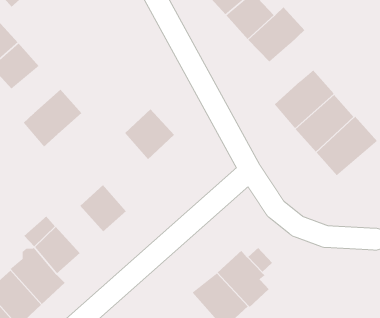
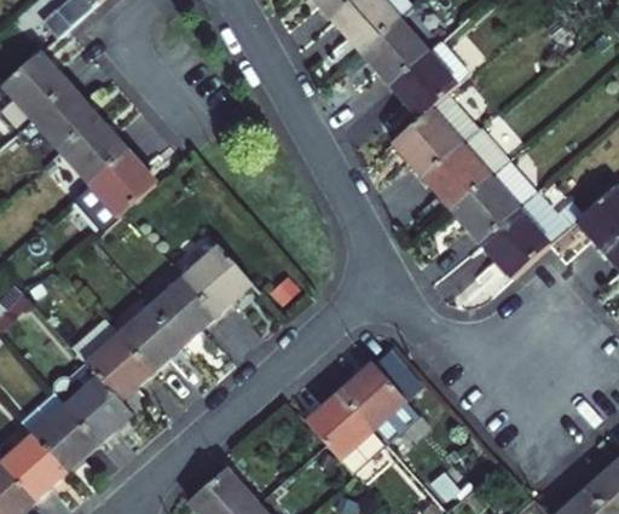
building: none -> [386,83,473,167]
building: none -> [56,114,123,179]
building: [124,109,175,160] -> [183,243,253,314]
building: none -> [117,307,183,372]

